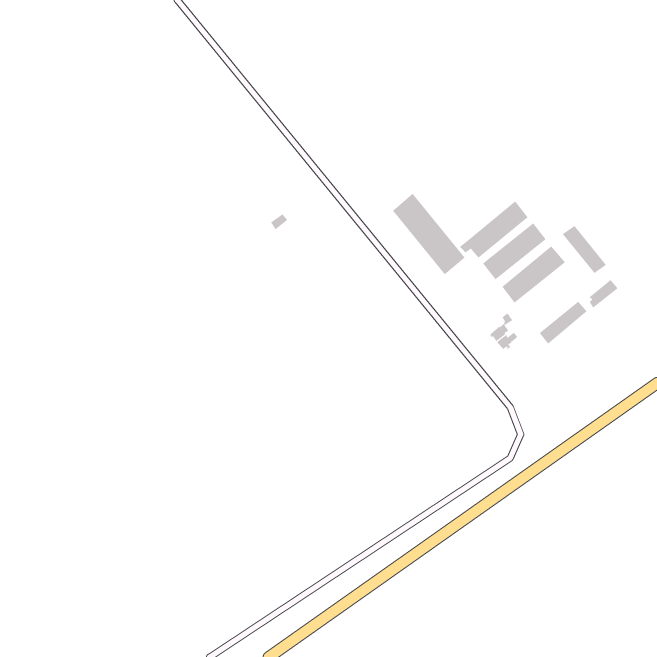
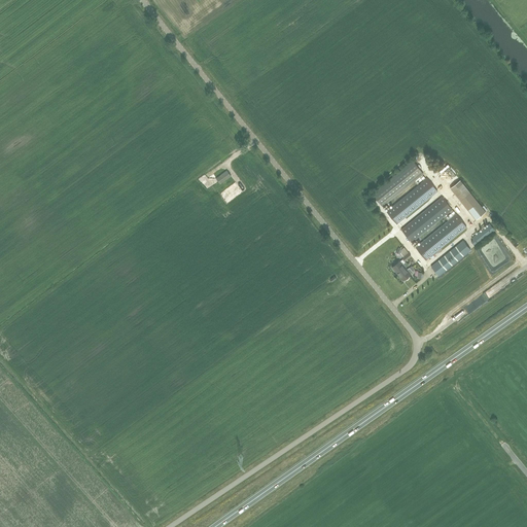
building: [392,193,466,275] -> none
building: none -> [416,214,466,260]

